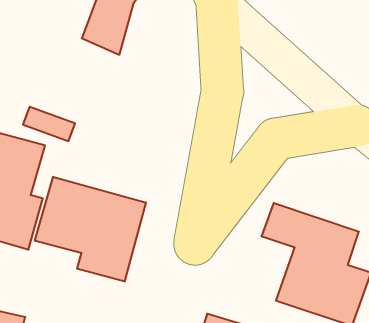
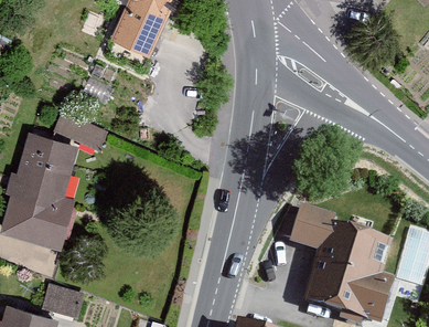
building: [35,177,146,282] -> none
building: none -> [43,278,85,313]

